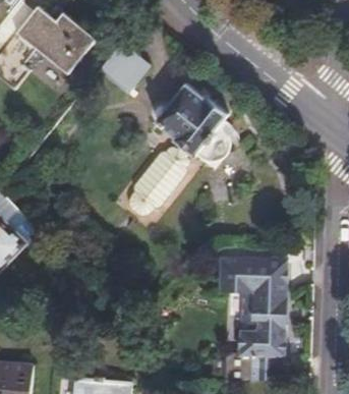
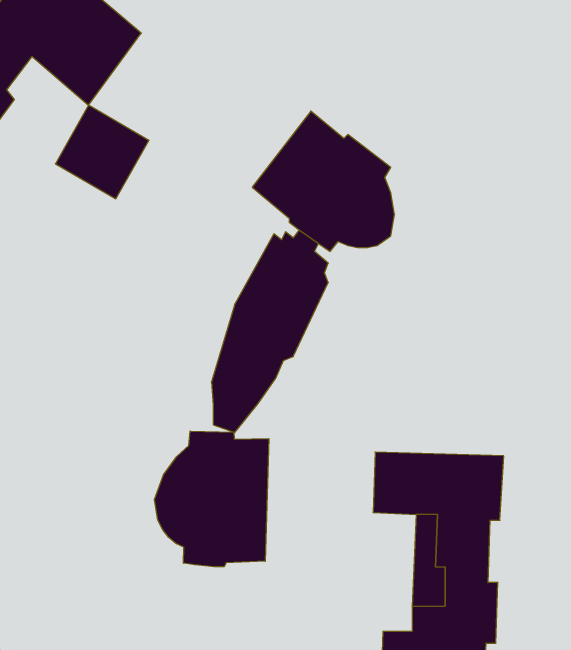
building: [103,40,152,89] -> [55,105,149,199]
building: none -> [155,431,269,567]

